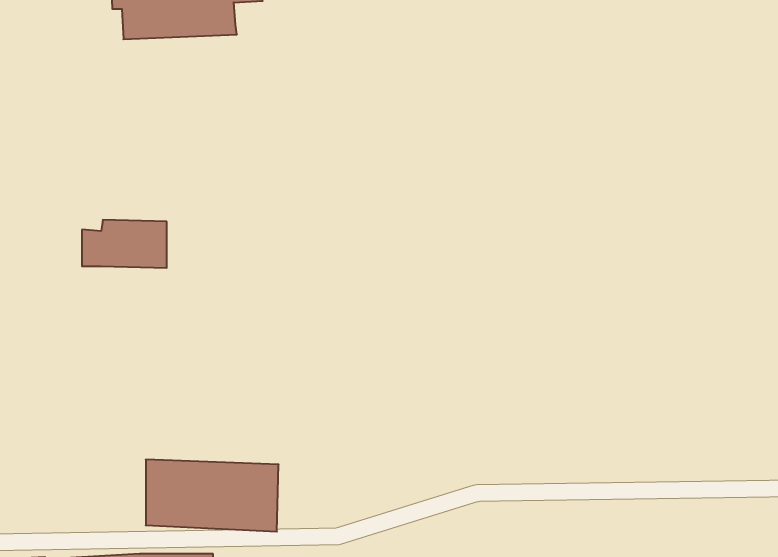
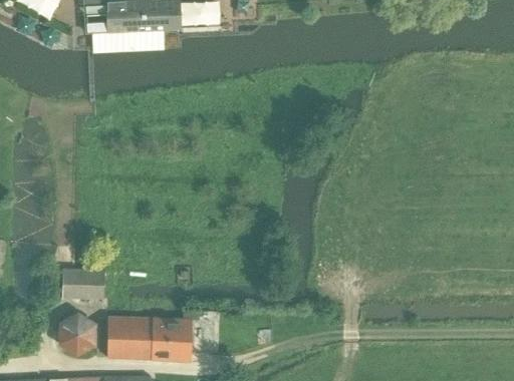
building: [82,220,167,268] -> [50,269,103,299]
building: none -> [58,311,98,354]

